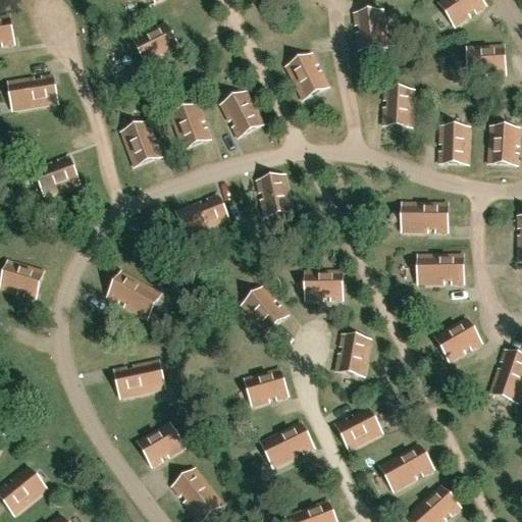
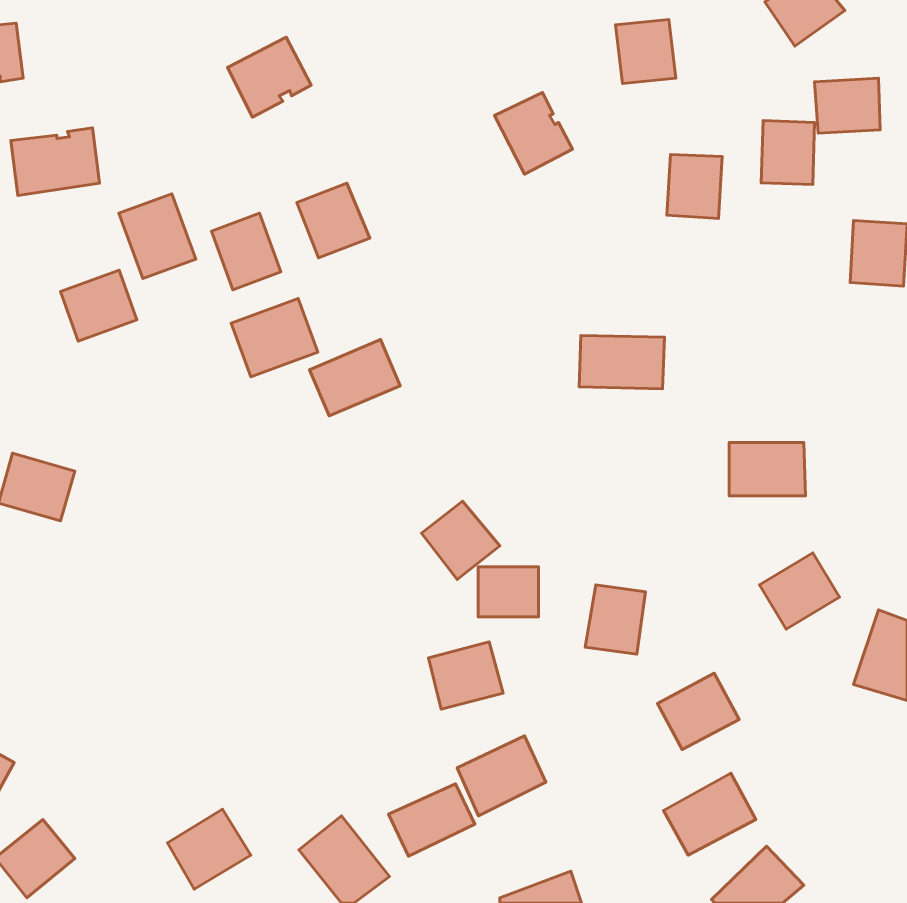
building: [220,92,263,137] -> none
building: none -> [119,194,196,279]
building: [438,126,469,163] -> [761,121,815,185]
building: none -> [231,299,318,377]
building: [256,175,293,215] -> none
building: [399,202,448,232] -> [579,335,664,389]
building: [305,270,340,299] -> [478,567,539,617]
building: [107,271,160,318] -> none
building: [114,360,164,398] -> none
building: [335,407,382,451] -> [657,673,739,750]
building: [137,422,185,468] -> [167,809,251,889]
building: none -> [388,784,475,856]

